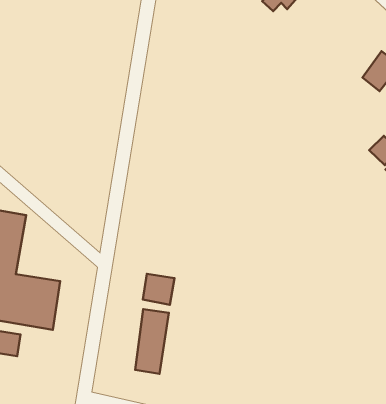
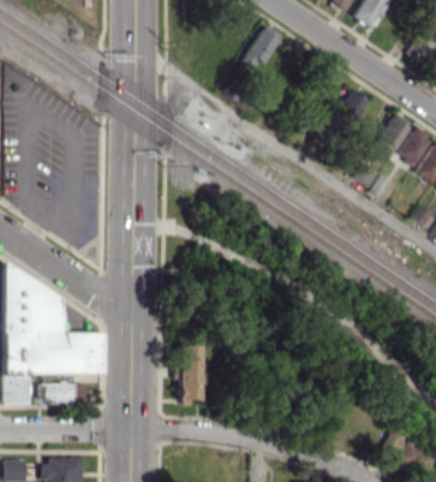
building: [143,274,175,305] -> none

